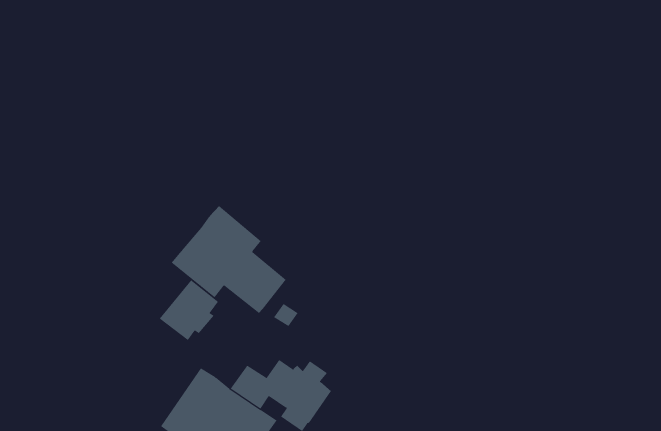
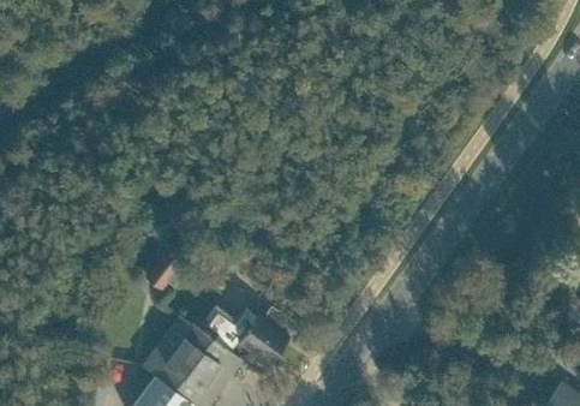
building: [171,205,287,314] -> none

